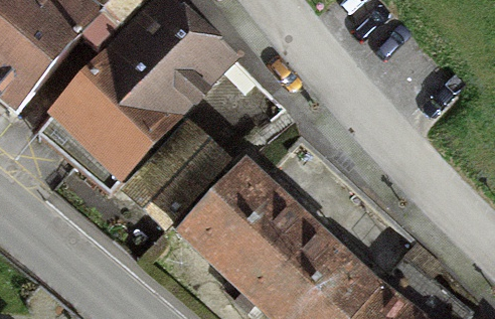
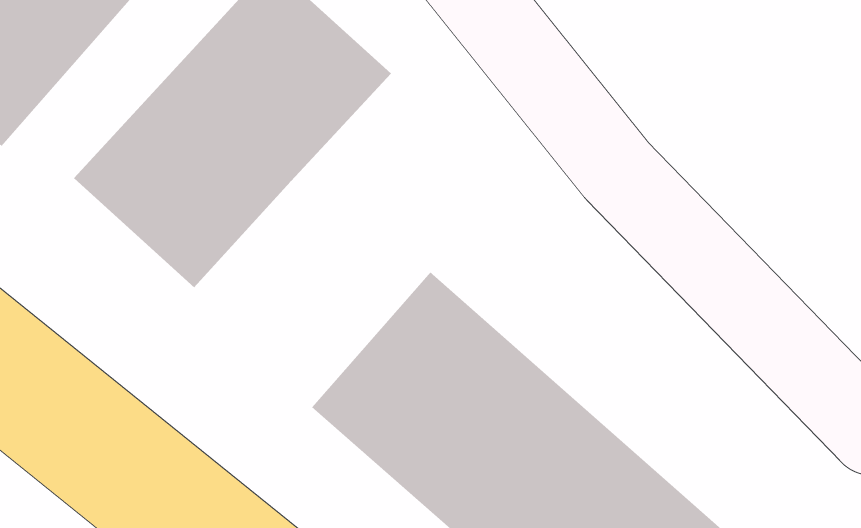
building: [119,116,217,215] -> none

